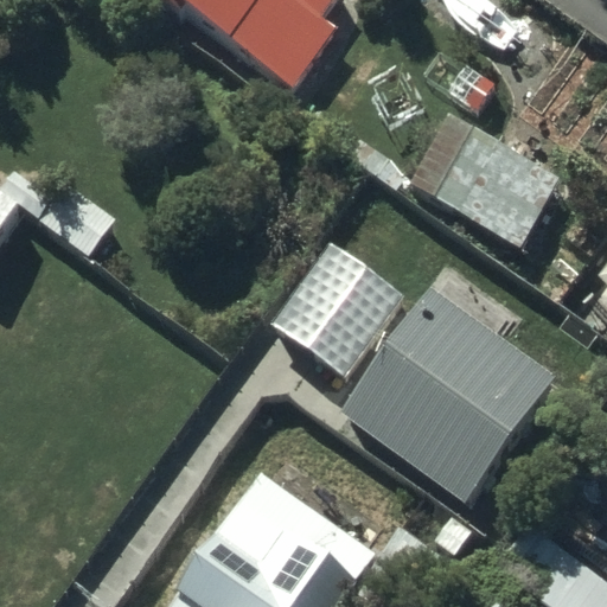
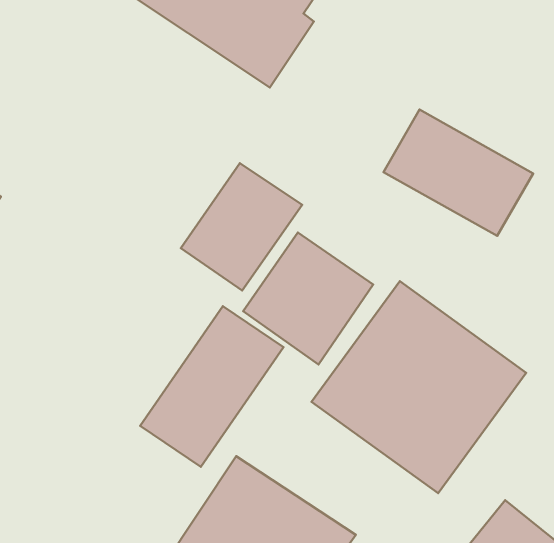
building: none -> [181,163,302,291]
building: none -> [140,306,283,467]

